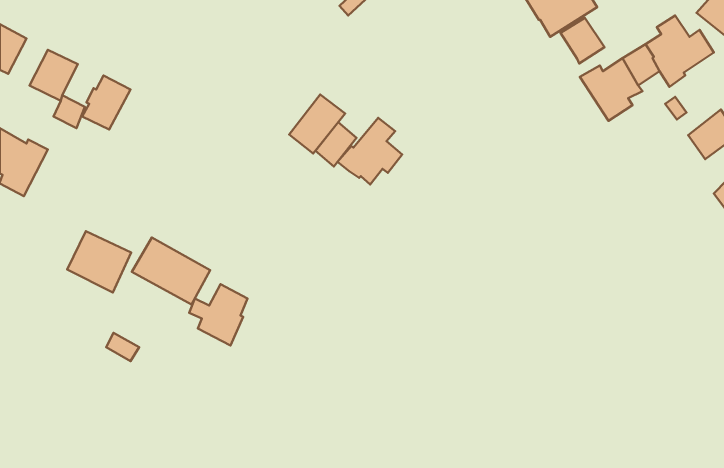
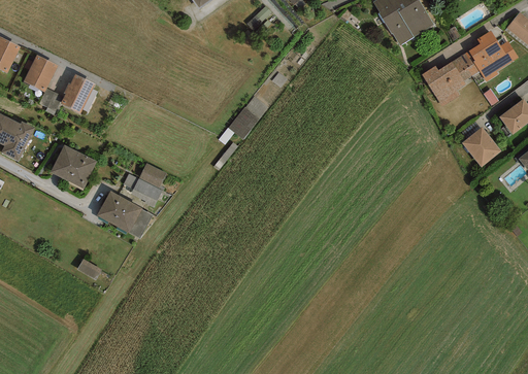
building: [561,18,604,64] -> none
building: [289,95,345,154] -> none
building: [338,118,402,184] -> none
building: none -> [461,126,501,167]
building: [67,231,131,292] -> [51,144,97,189]
building: [189,284,247,345] -> [124,163,166,207]

